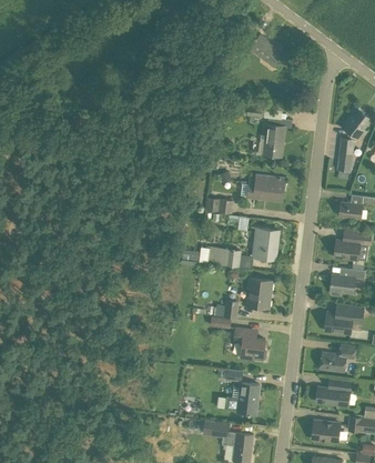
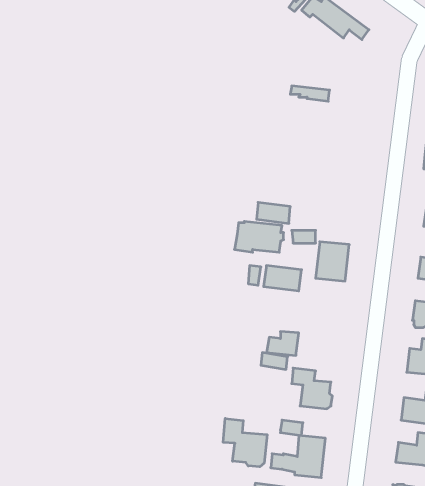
building: [259,117,293,157] -> none
building: [247,174,286,199] -> [234,221,284,252]
building: [245,278,273,308] -> none
building: none -> [223,418,267,467]

